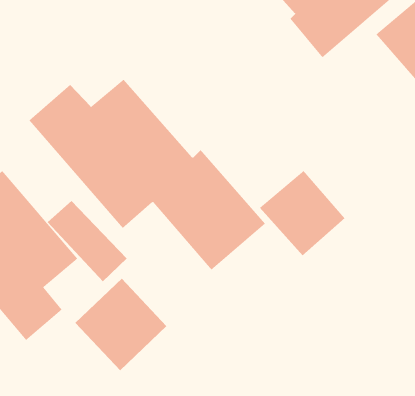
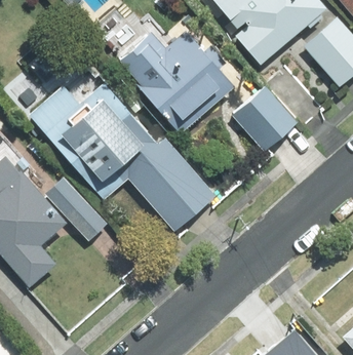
building: none -> [119,30,236,133]
building: [259,170,345,256] -> [231,85,299,153]
building: [75,278,167,371] -> none

